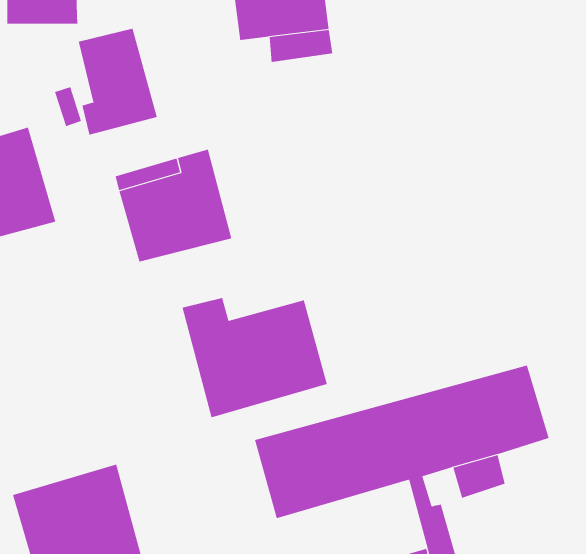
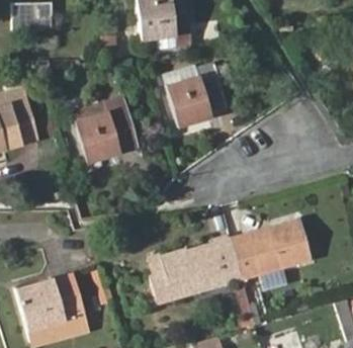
building: [78,28,157,135] -> none
building: none -> [167,67,240,124]
building: [182,297,328,418] -> none

